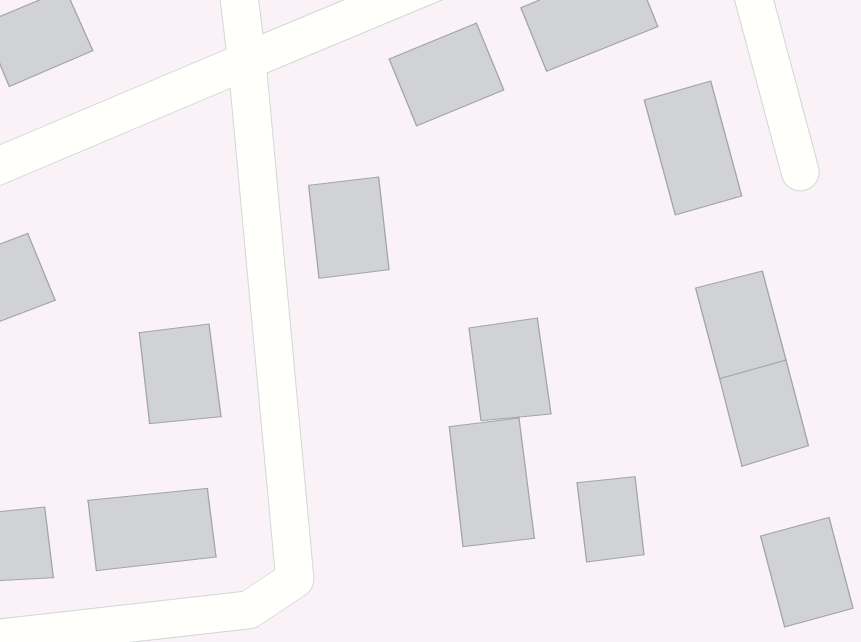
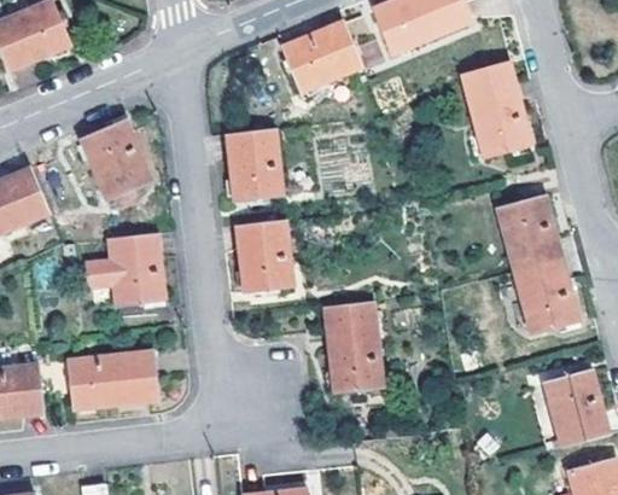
building: none -> [76,123,147,203]
building: [469,318,551,421] -> [235,219,293,291]
building: [577,477,644,562] -> none

